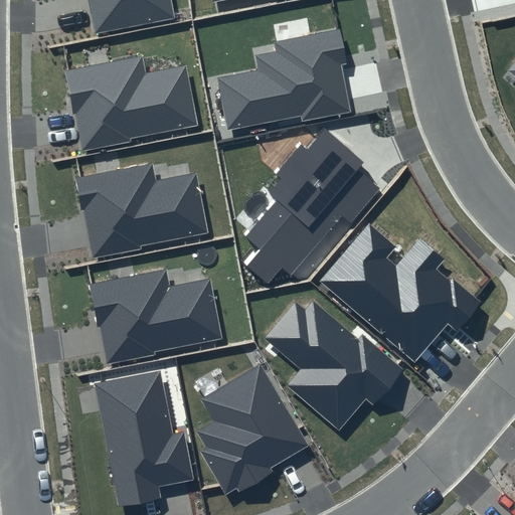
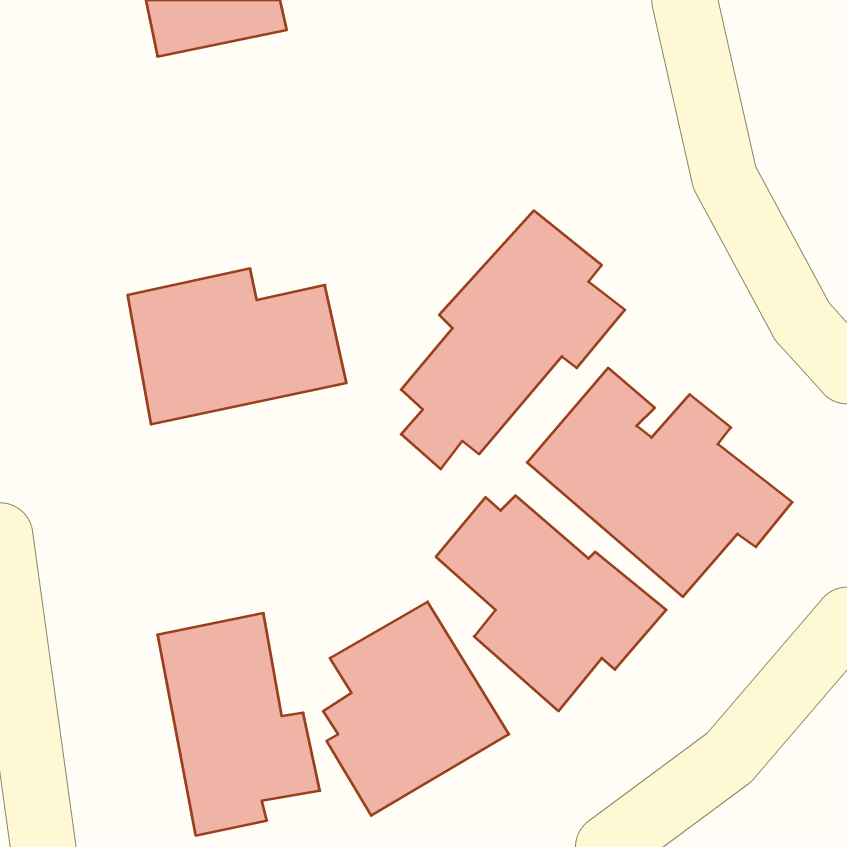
building: [217,28,351,131] -> none
building: [66,56,199,150] -> none
building: [91,270,223,363] -> none

